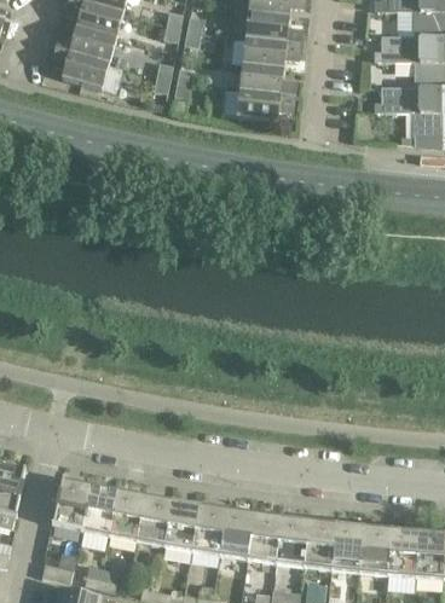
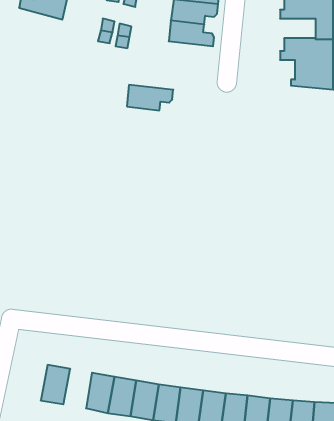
building: [51,48,108,88] -> none
building: [236,89,293,121] -> [127,85,173,110]
building: [51,480,89,530] -> none
building: [109,492,144,540] -> none

